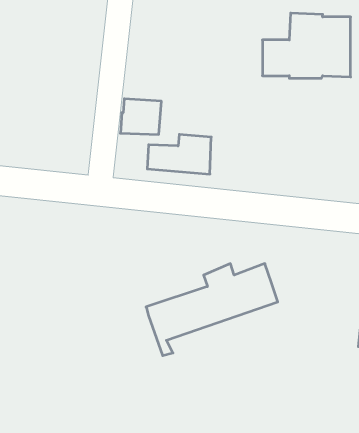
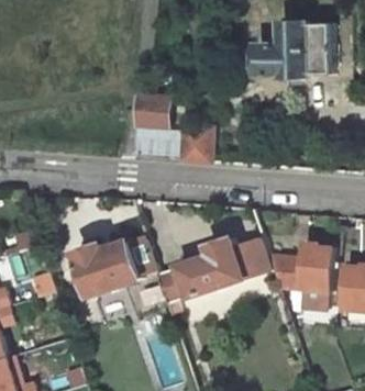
building: none -> [263,239,330,291]
building: none -> [74,241,157,297]

